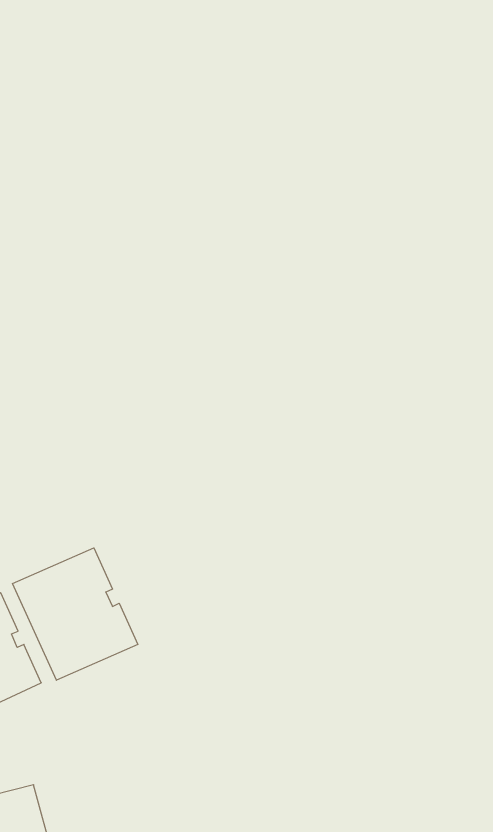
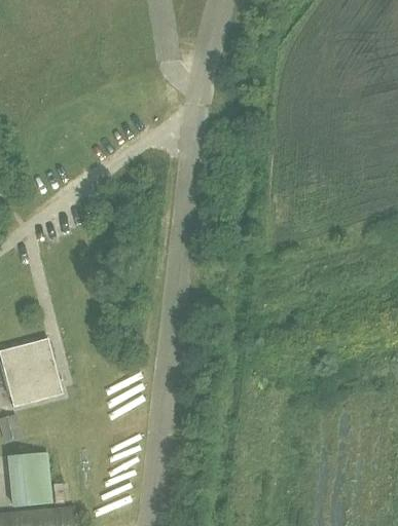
building: [13,548,138,680] -> none

